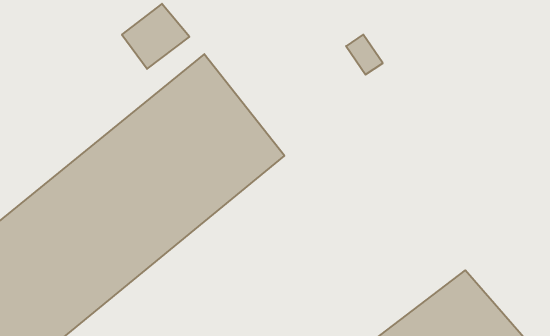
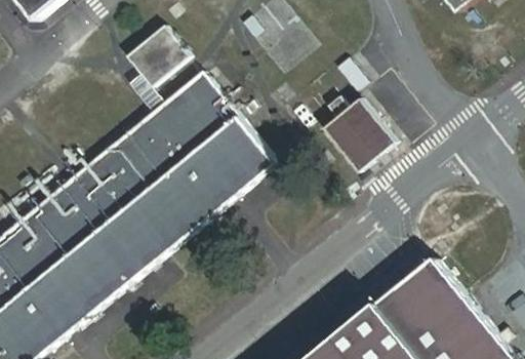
building: none -> [320,101,391,170]

